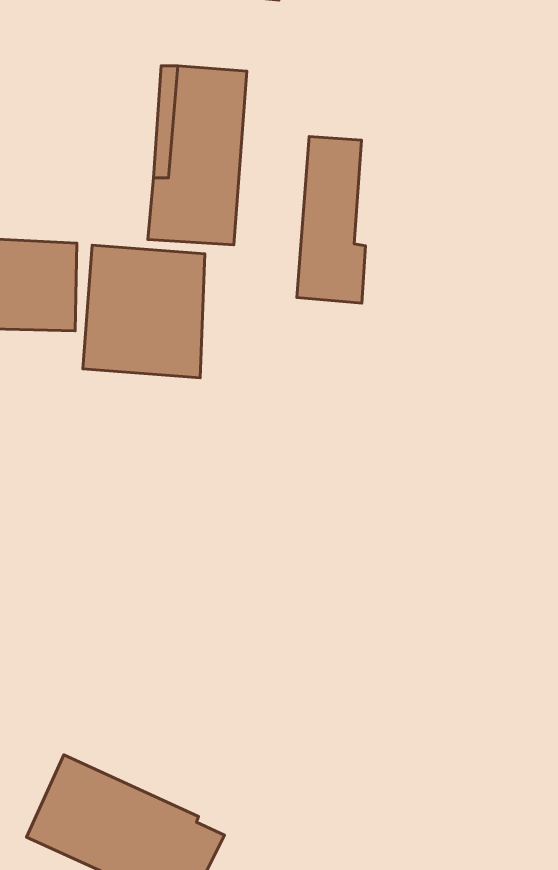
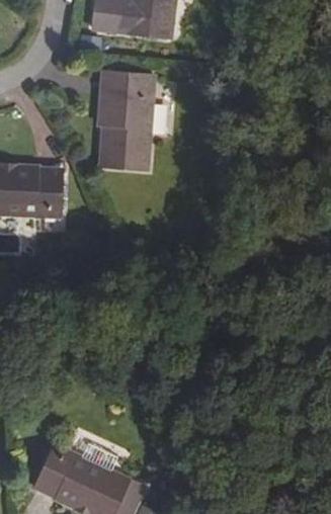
building: [297,137,365,303] -> none
building: [83,245,205,378] -> none

